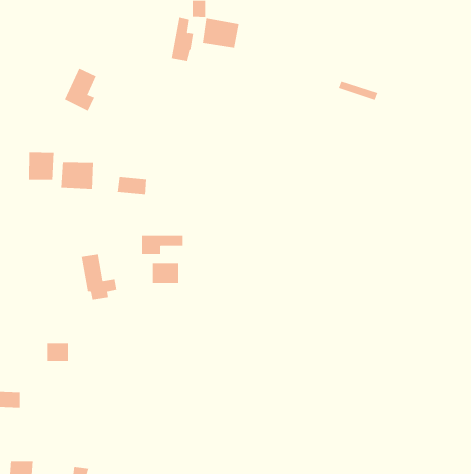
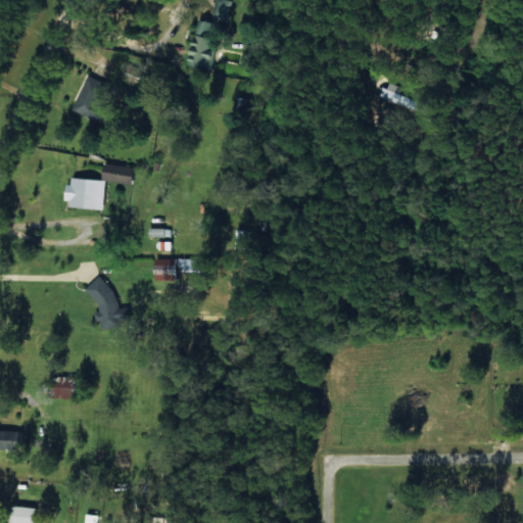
building: [203,18,239,48] -> none
building: [28,151,54,181] -> none
building: [117,176,147,195] -> [101,164,134,185]
building: [152,263,178,284] -> none

